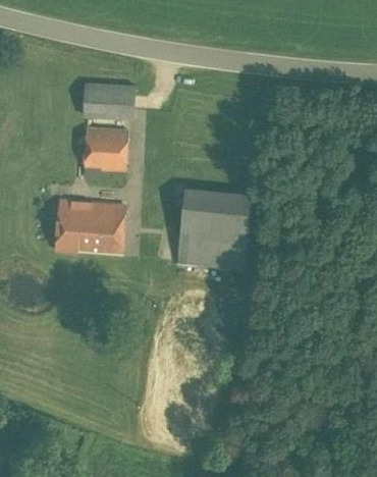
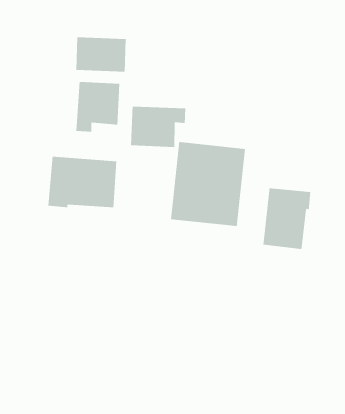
building: none -> [130,106,186,148]
building: none -> [263,187,311,250]

